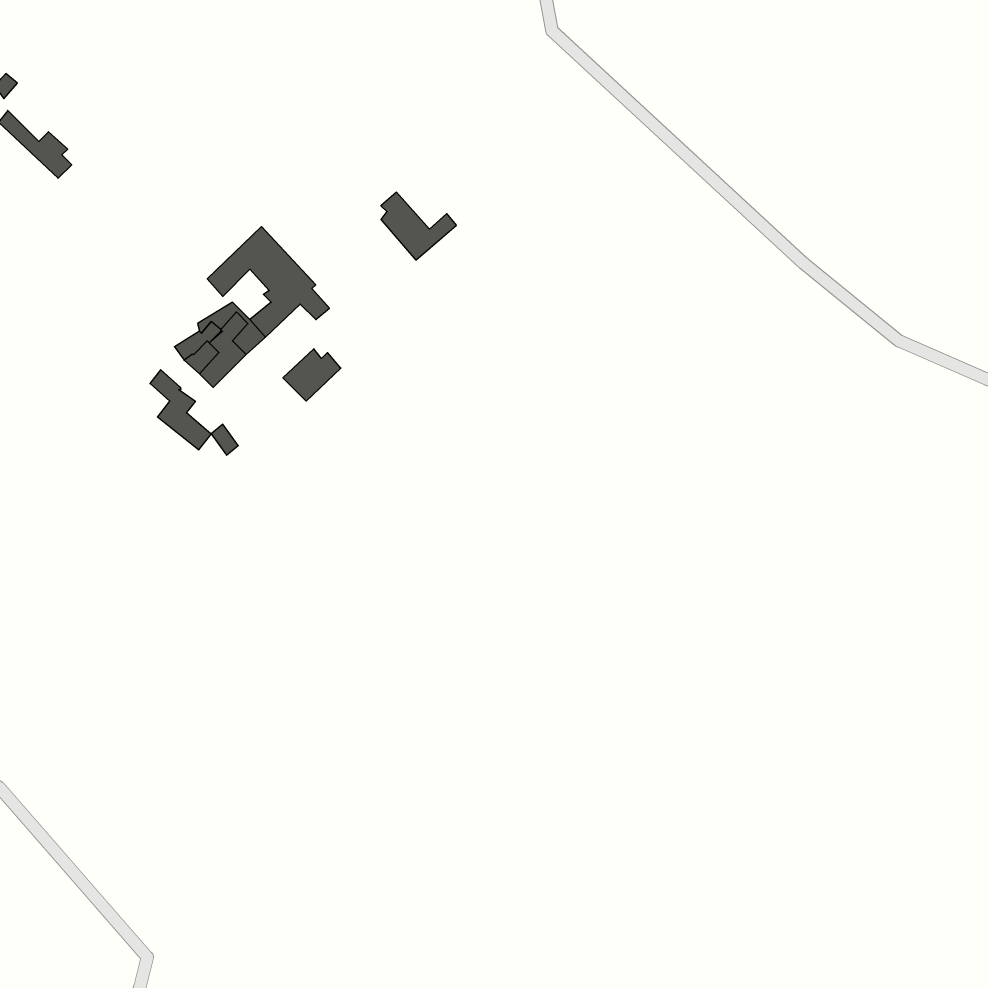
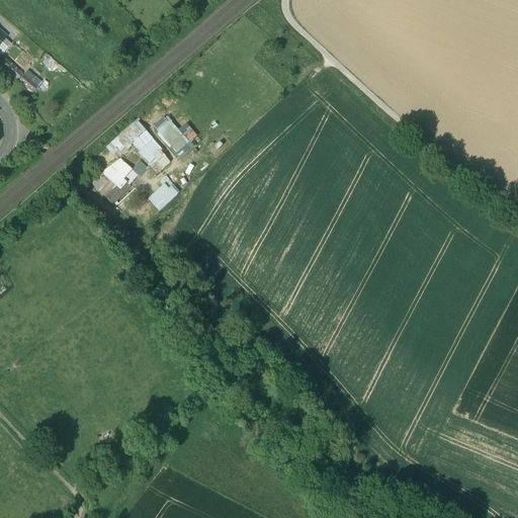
building: [381,192,456,260] -> [159,117,198,153]
building: [150,370,211,450] -> none

